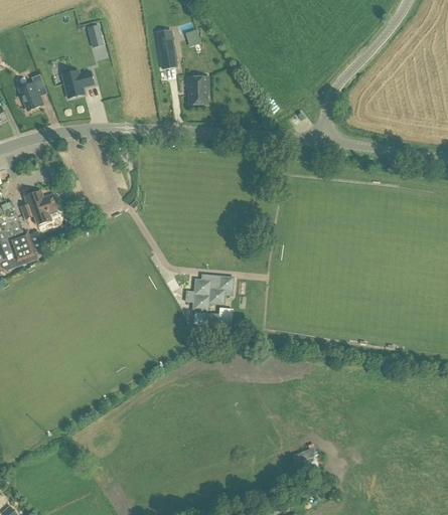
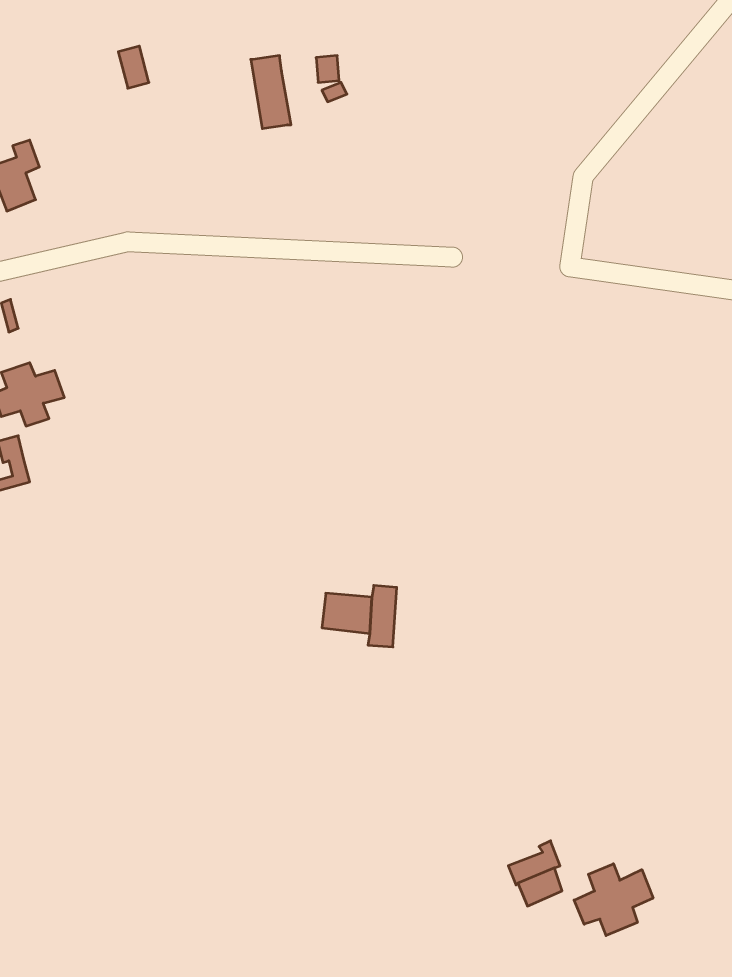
building: [61,70,93,98] -> none
building: [186,76,208,104] -> none
building: [185,274,233,310] -> none
building: none -> [574,864,653,936]

